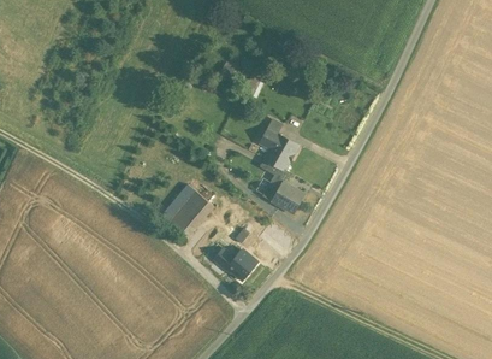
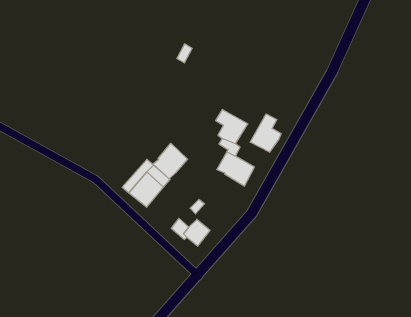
building: none -> [250,114,281,152]
building: none -> [153,143,188,179]

